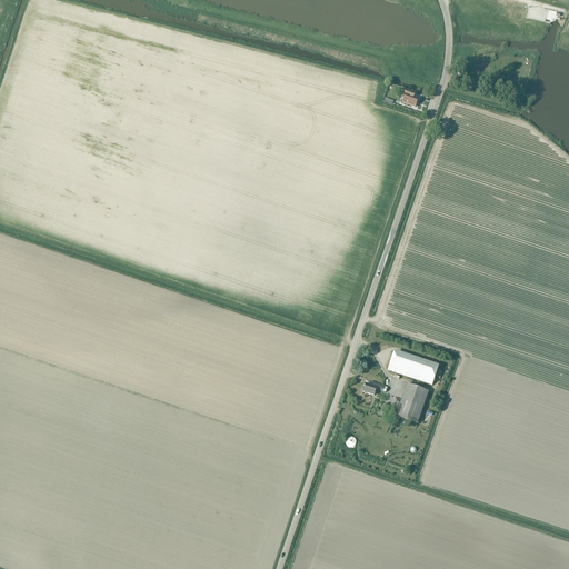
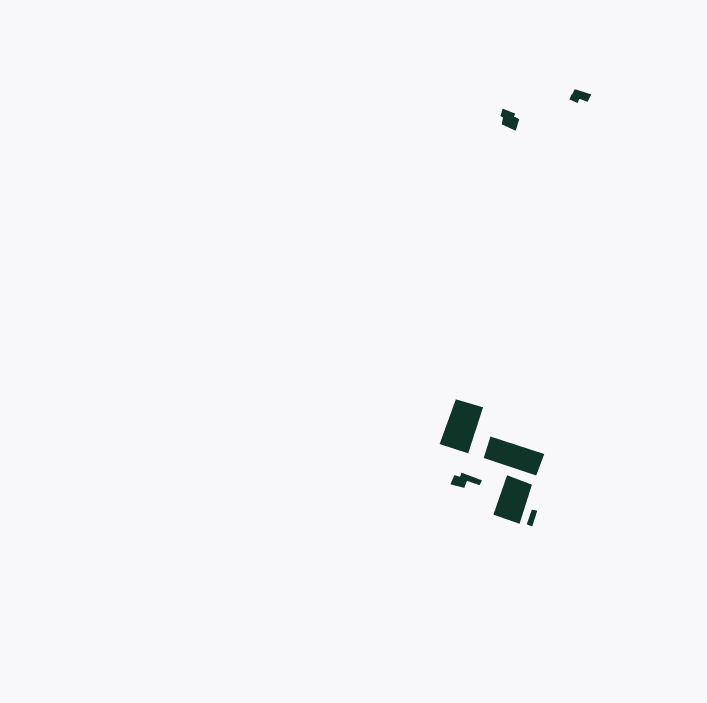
building: none -> [439,398,484,454]

